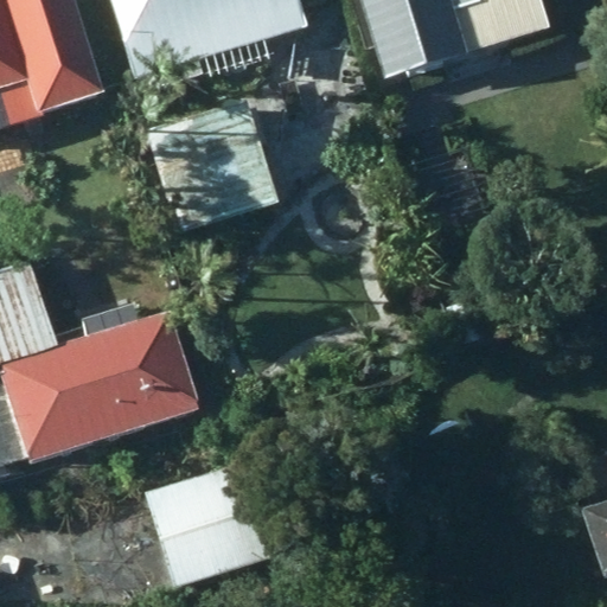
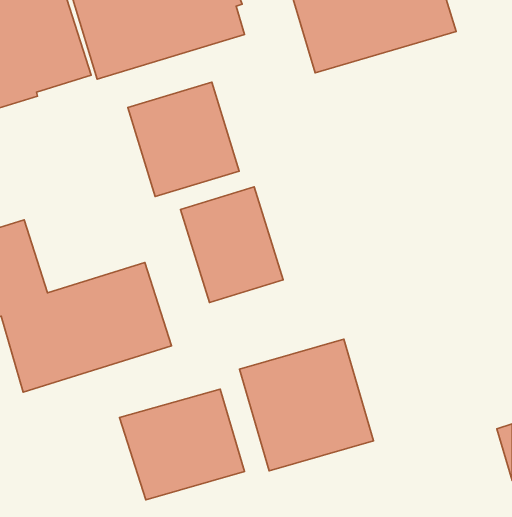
building: none -> [181,187,283,302]
building: none -> [239,339,374,471]

